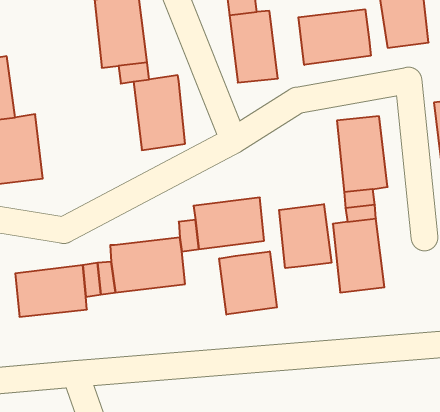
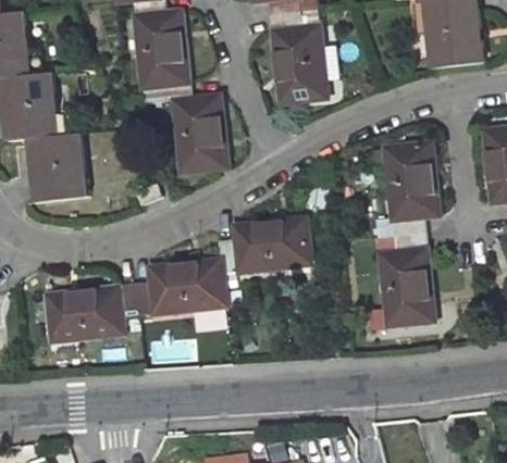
building: [298,9,371,65] -> none
building: [279,204,331,268] -> none
building: [219,251,277,315] -> none

